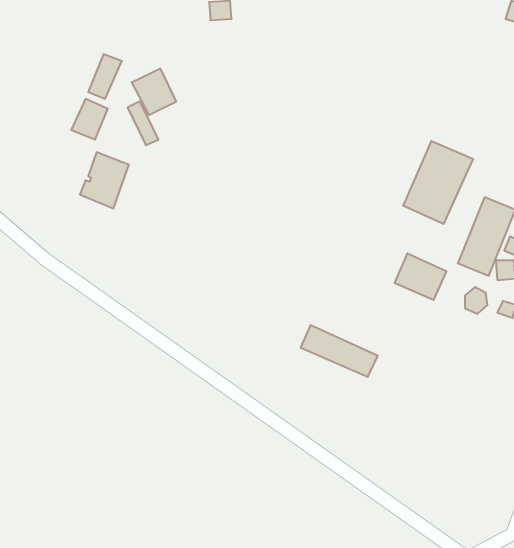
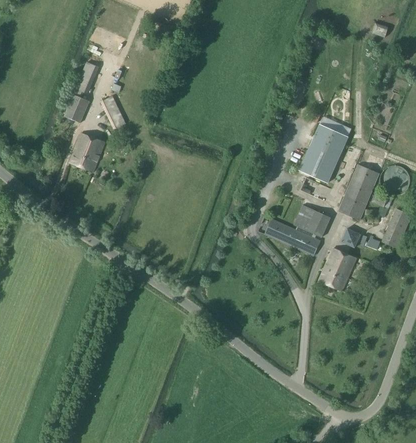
building: [132,68,176,115] -> none
building: none -> [319,248,356,291]
building: [301,325,378,377] -> [265,218,320,255]

